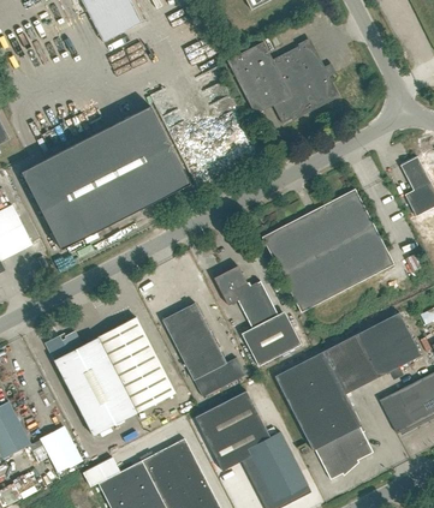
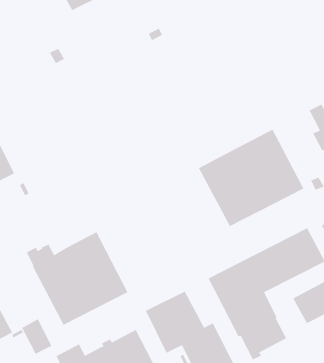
building: [226,42,335,124] -> none
building: [20,106,190,250] -> none
building: [213,270,301,367] -> none
building: [161,304,244,398] -> none

